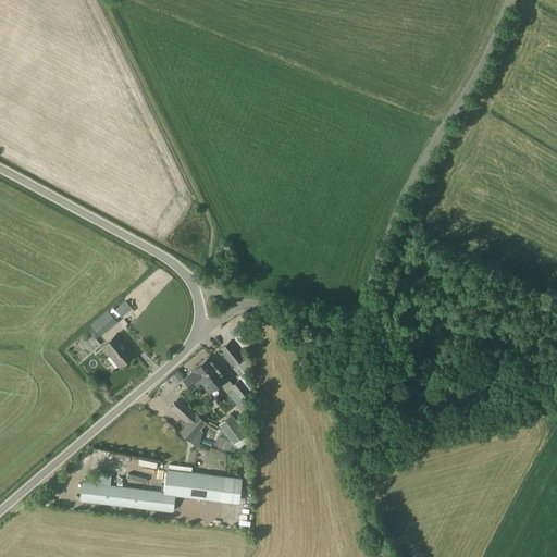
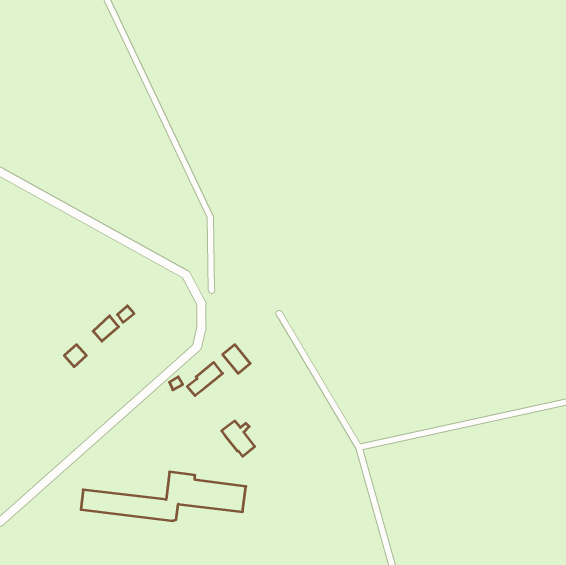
building: [102,335,134,368] -> none
building: [201,368,250,400] -> none
building: [168,398,207,447] -> none

